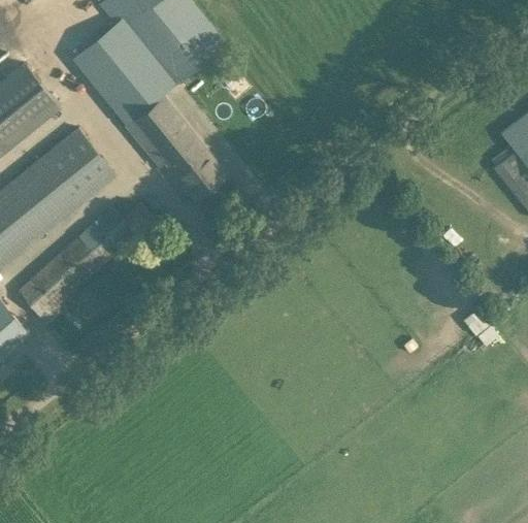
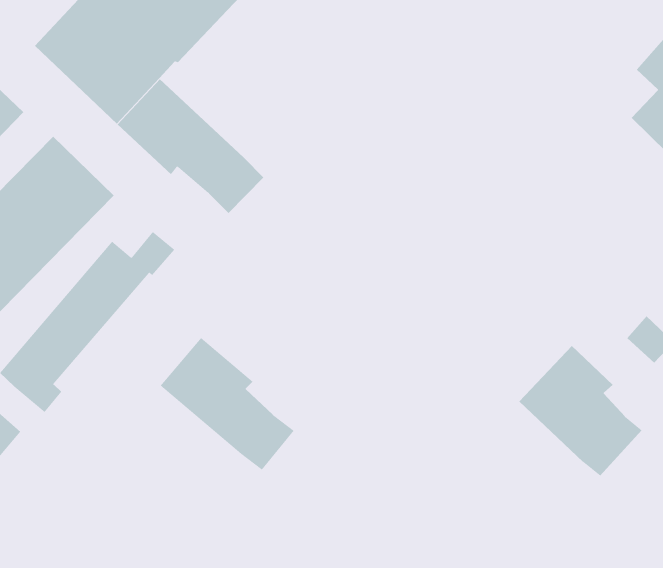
building: none -> [160,337,294,471]
building: none -> [519,345,642,476]

